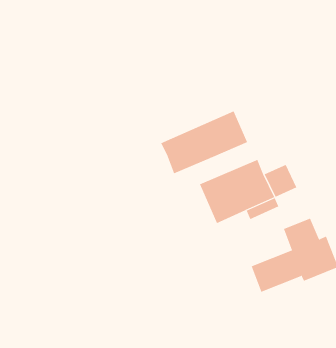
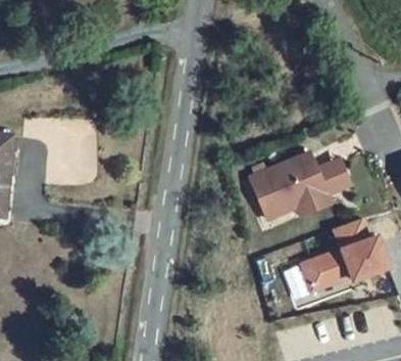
building: [161,111,248,174] -> none

